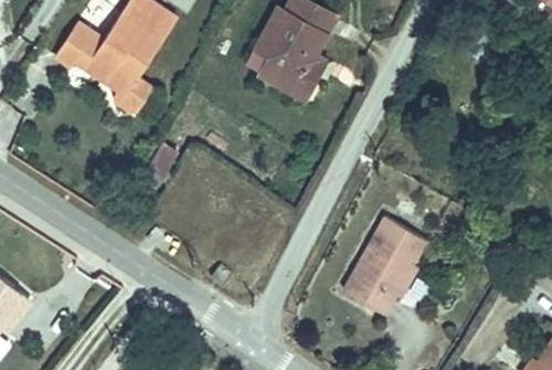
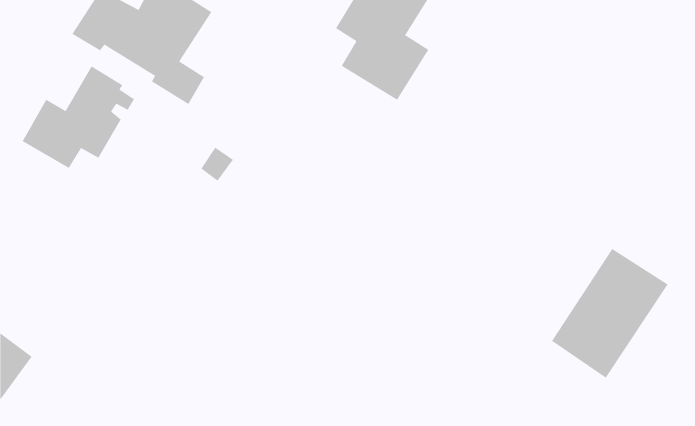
building: none -> [22,65,135,169]
building: [340,218,429,317] -> [551,248,668,379]

